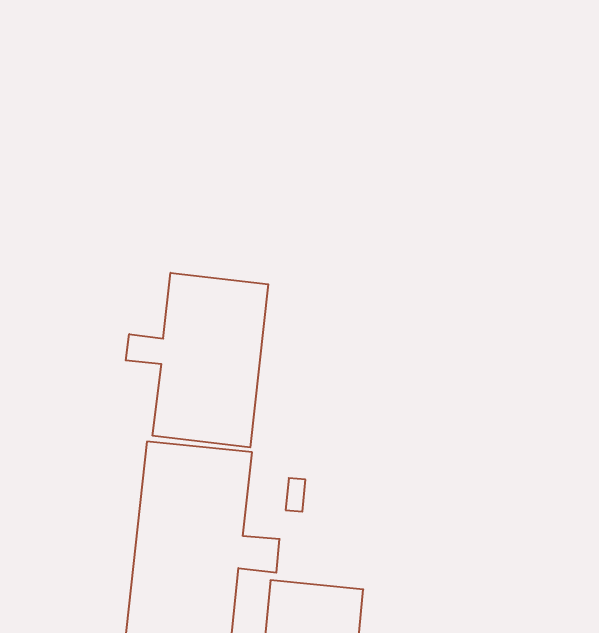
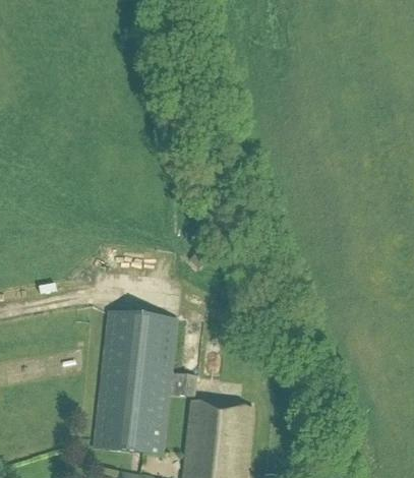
building: [126,273,268,447] -> none

